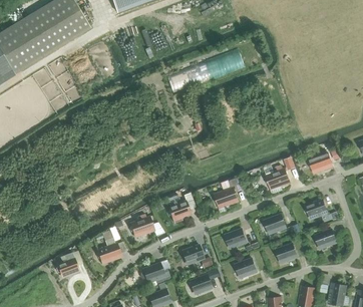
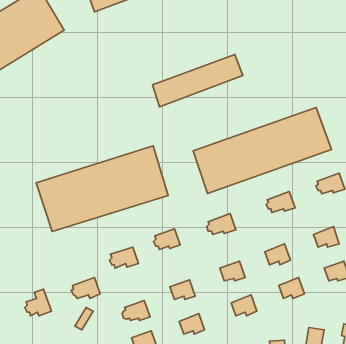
building: none -> [193,108,331,194]
building: none -> [36,146,168,232]

